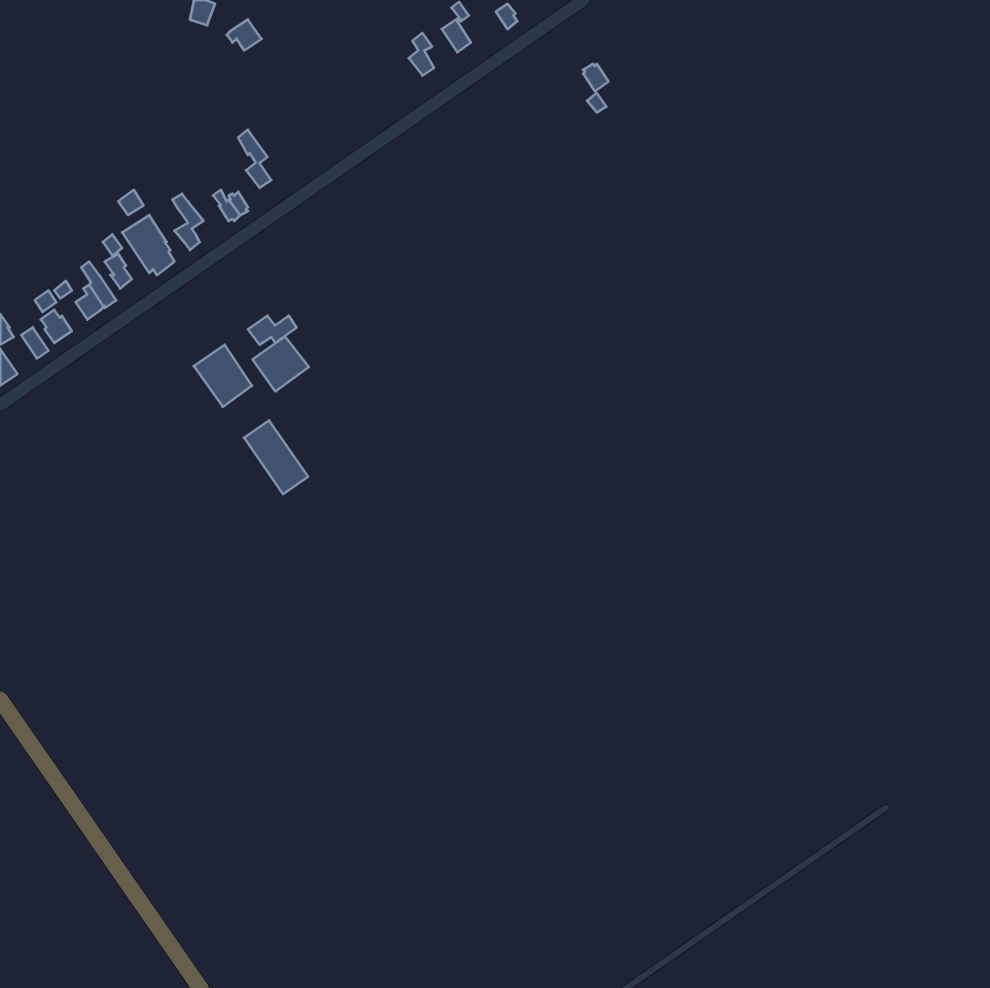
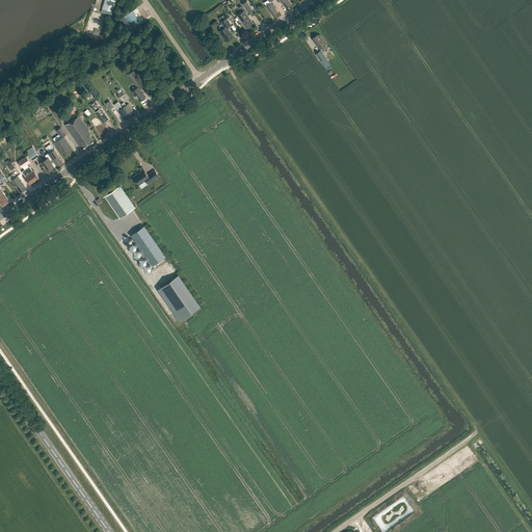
building: [253,337,309,391] -> none
building: none -> [158,275,201,321]

